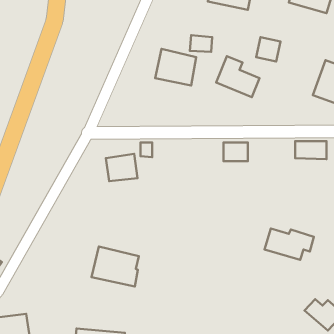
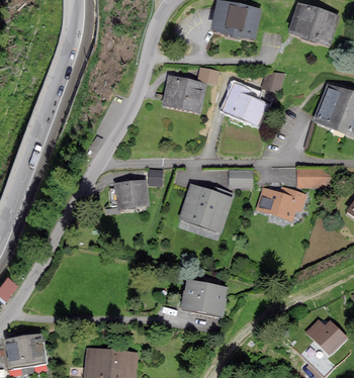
building: none -> [180,184,232,230]
building: [265,228,314,260] -> [257,187,304,217]
building: [92,247,139,287] -> [180,277,226,315]

